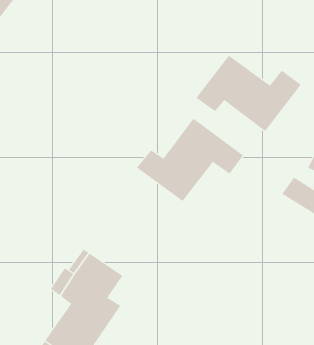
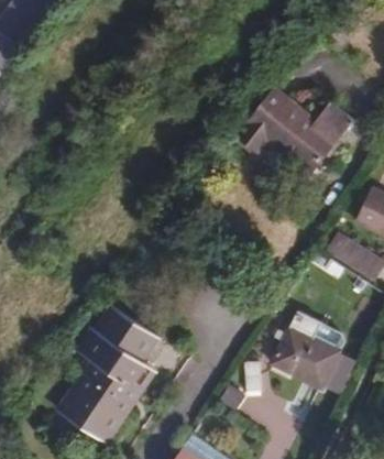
building: [136,118,244,202] -> none
building: none -> [267,320,341,392]

